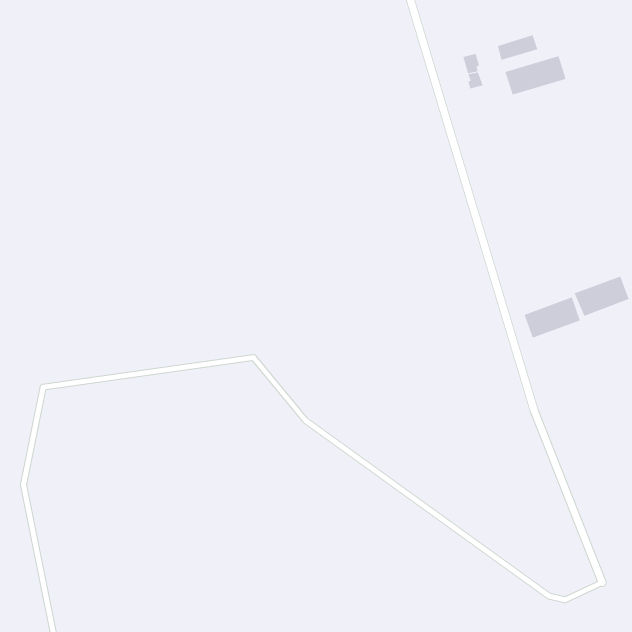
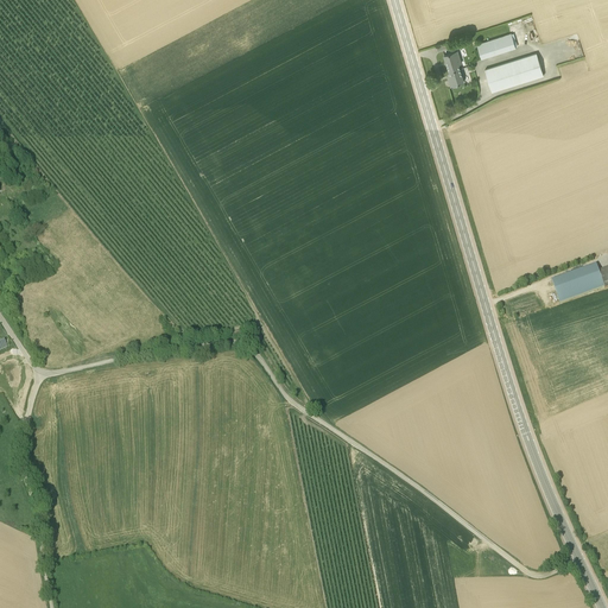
building: [524,297,581,338] -> none

